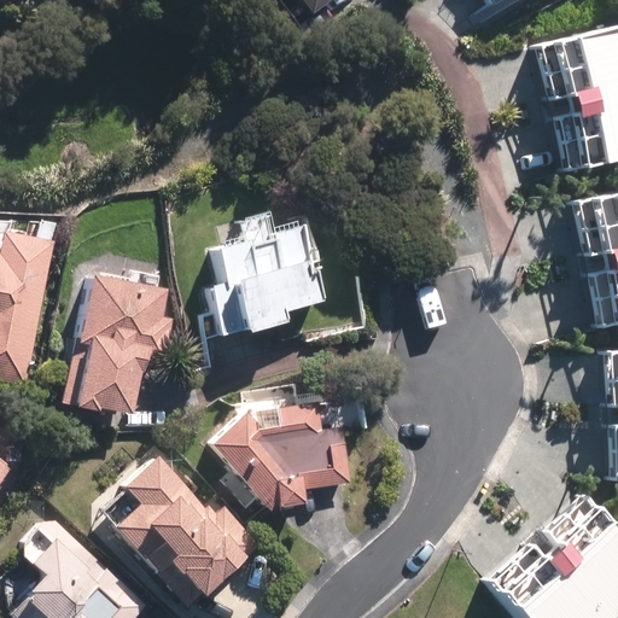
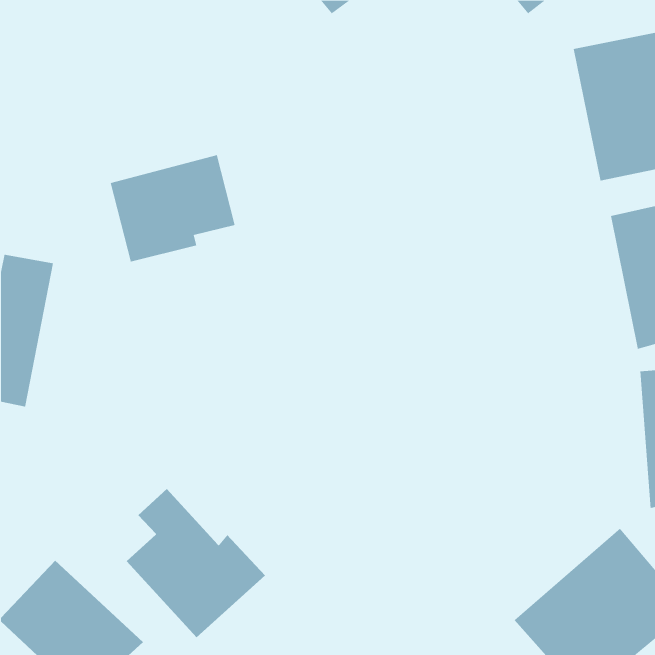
building: [203,231,321,332] -> [110,154,236,262]
building: [63,278,153,412] -> none
building: [211,402,346,507] -> none

